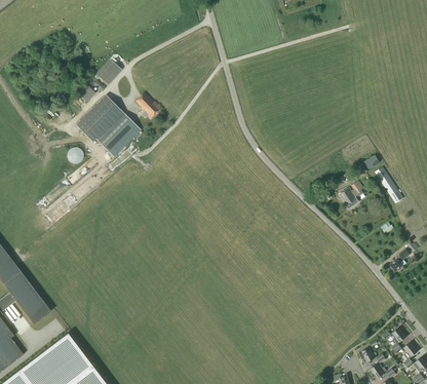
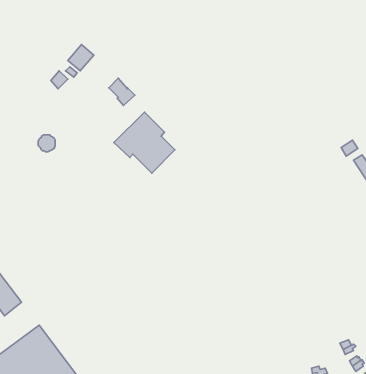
building: [77,97,137,156] -> [114,112,175,173]
building: [339,181,366,209] -> none

